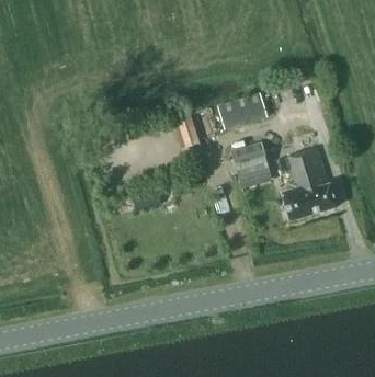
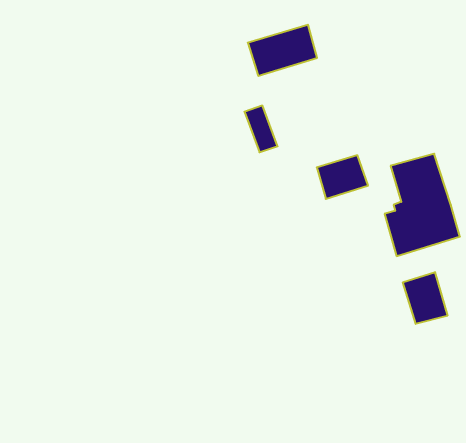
building: [216,91,266,128] -> [248,25,317,76]
building: none -> [403,272,447,324]

